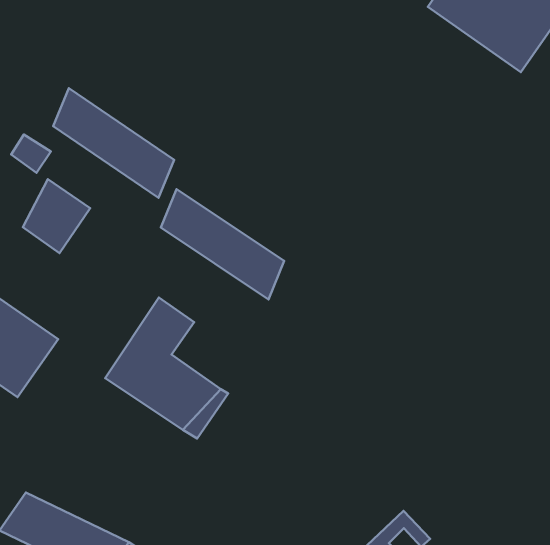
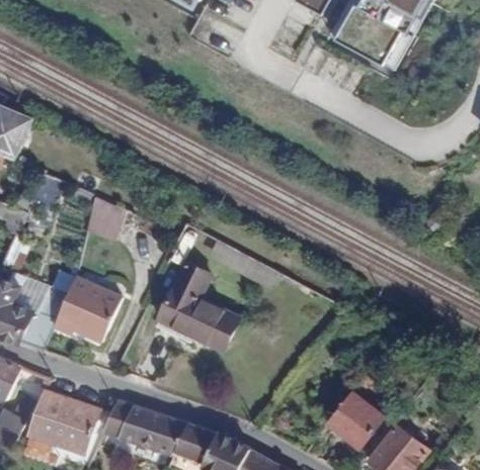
building: [53,88,174,198] -> none
building: [161,189,284,300] -> none

